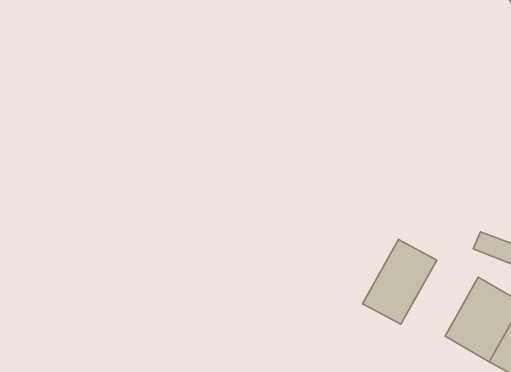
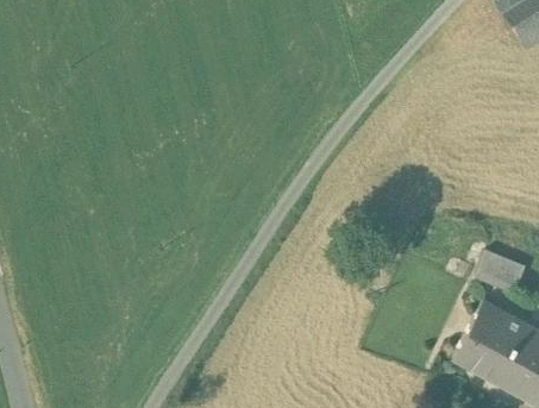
building: [362,239,437,324] -> none

